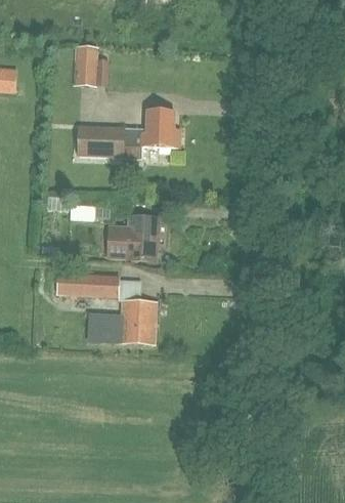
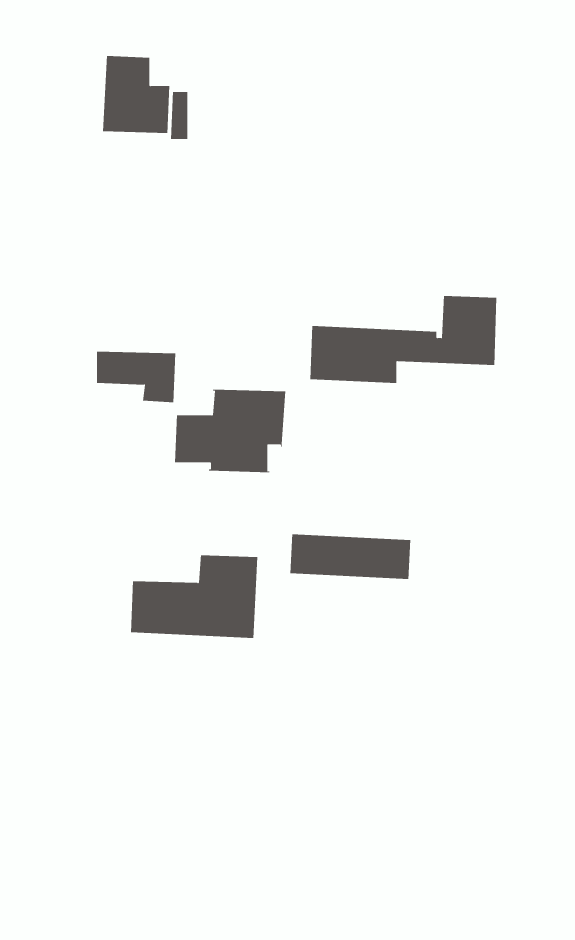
building: [77,110,173,155] -> [309,296,497,383]
building: [56,273,119,296] -> [289,534,411,580]

